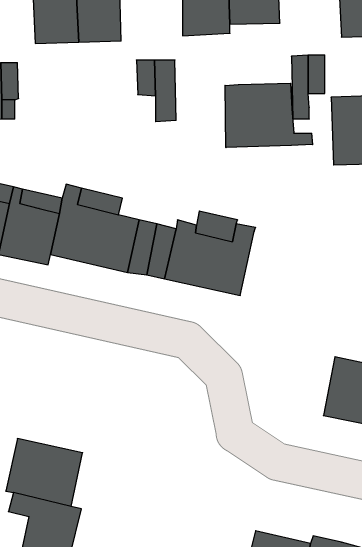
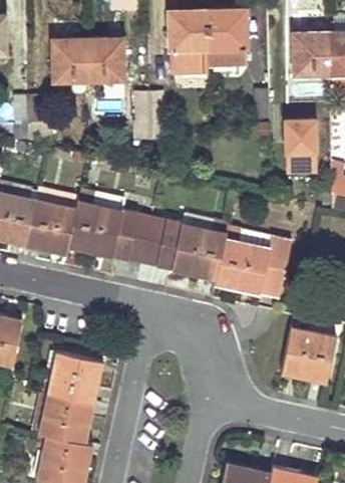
building: [225,83,313,148] -> none
building: none -> [215,229,291,298]
building: none -> [41,352,100,403]

